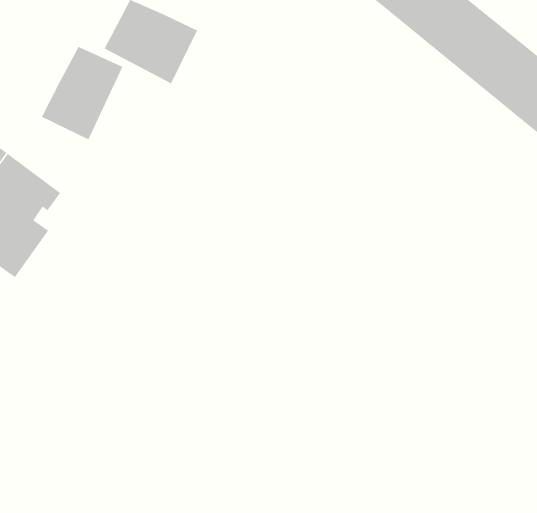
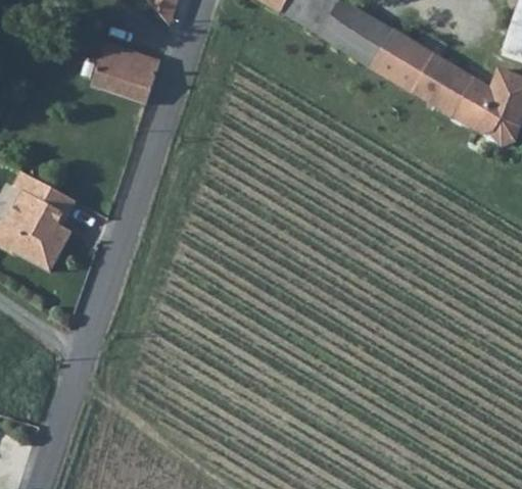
building: [41,46,123,141] -> none

